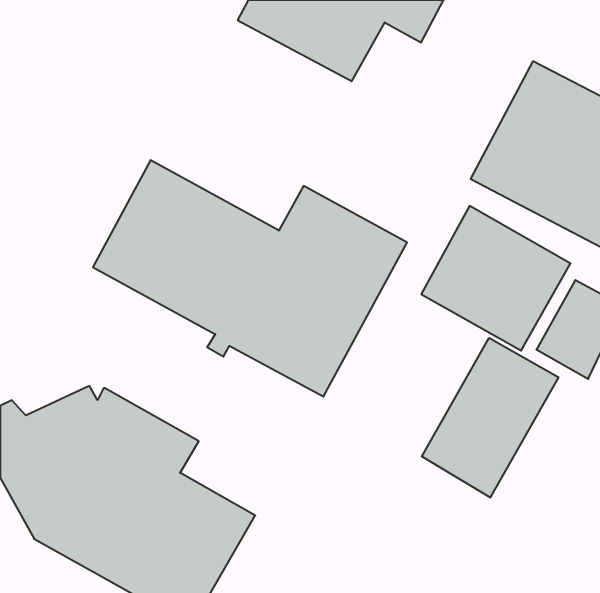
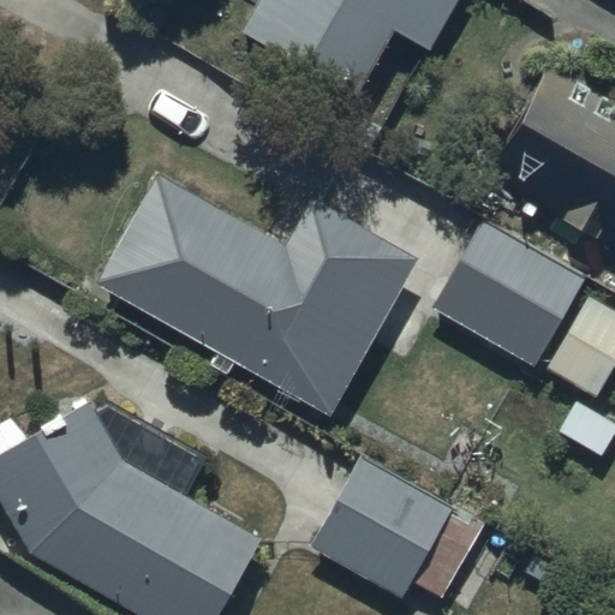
building: [422,338,558,498] -> none
building: none -> [311,458,483,603]

